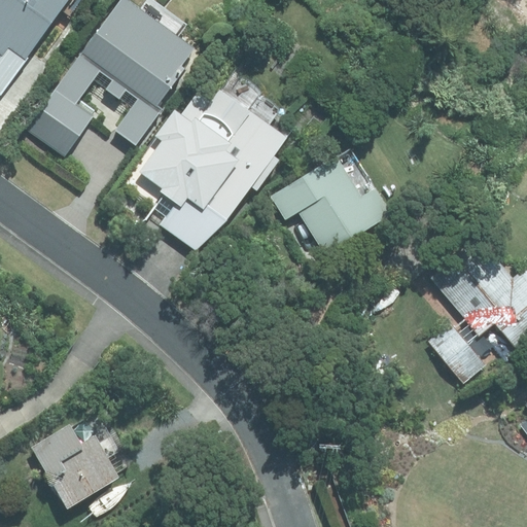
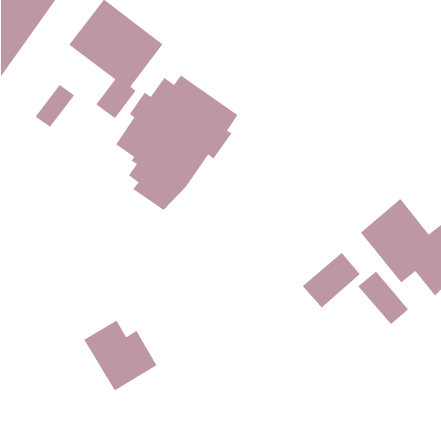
building: [272,147,390,254] -> none
building: none -> [302,252,361,308]
building: [28,424,116,510] -> [83,320,158,391]

